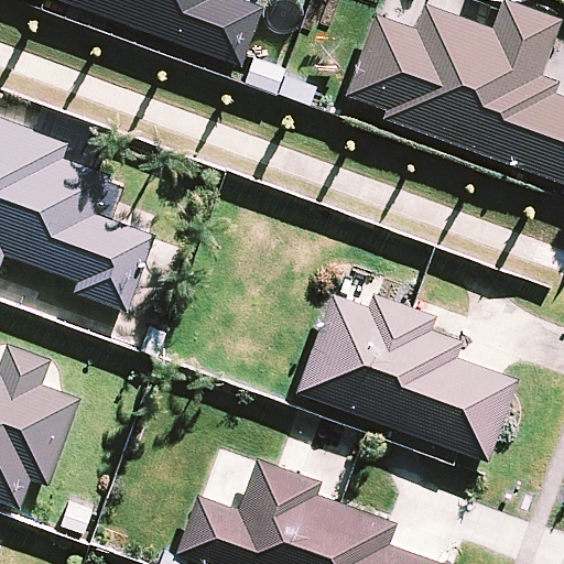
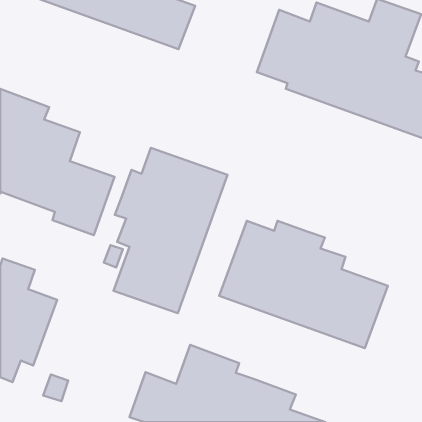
building: none -> [114,148,228,313]

